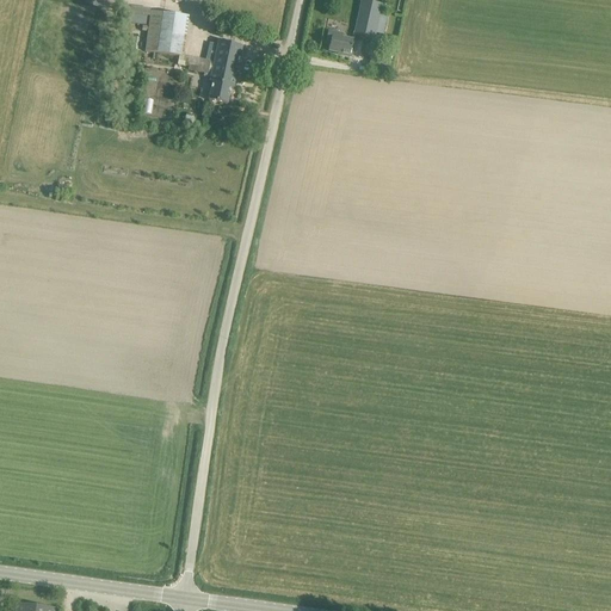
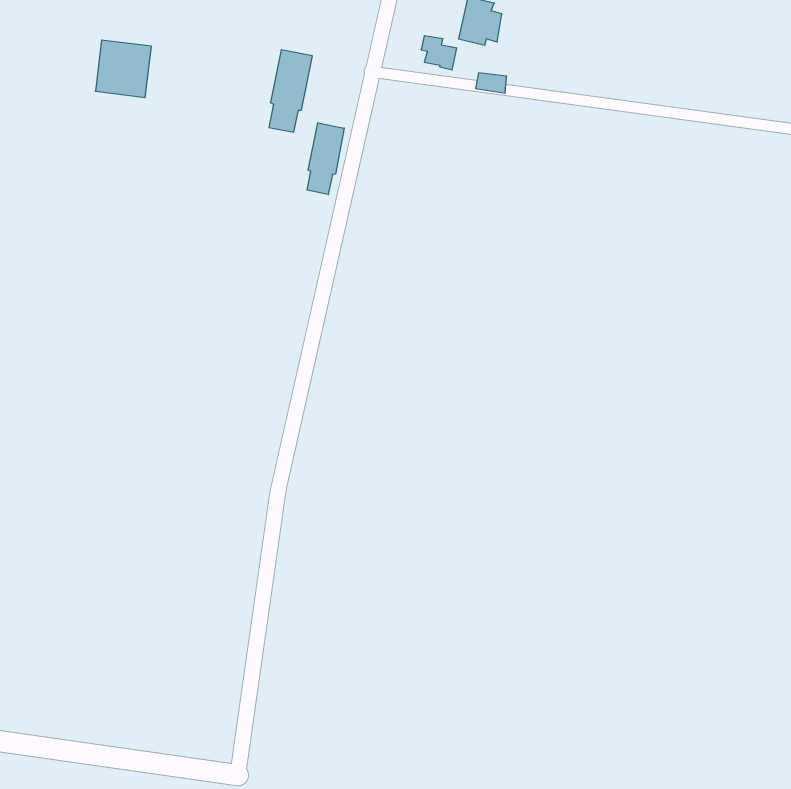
building: [142,8,185,53] -> [95,40,151,98]
building: none -> [307,123,344,195]

